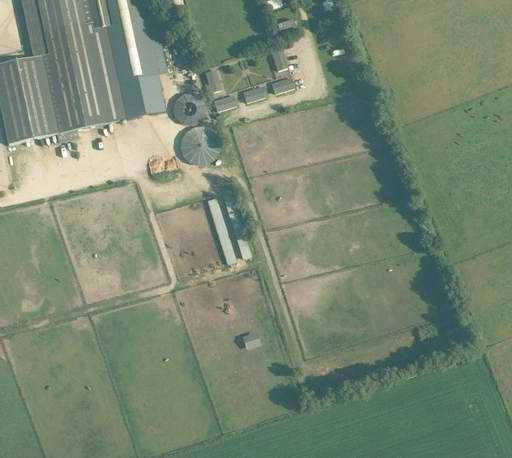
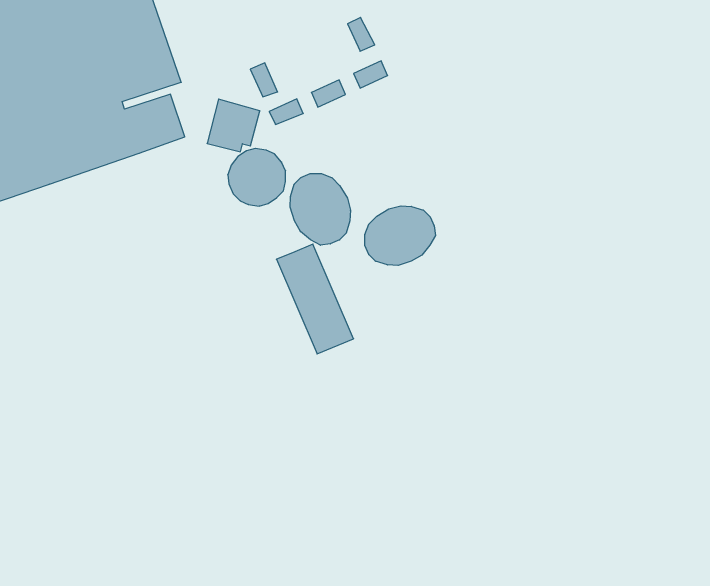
building: none -> [290,174,350,245]
building: none -> [365,206,435,265]

